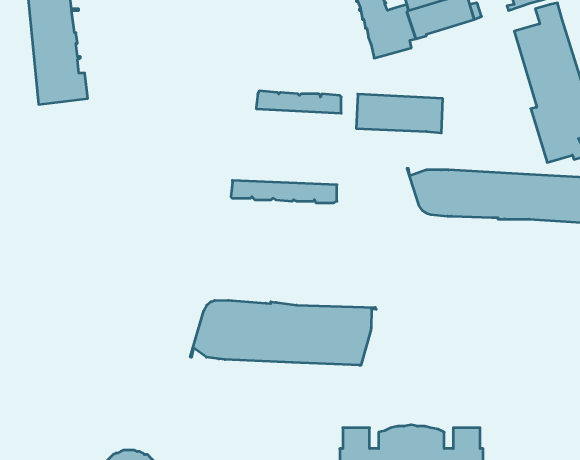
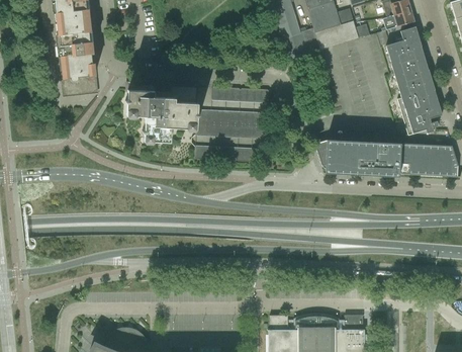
building: none -> [123,84,198,142]
building: [356,94,443,133] -> [209,111,268,138]
building: [190,300,376,365] -> none

